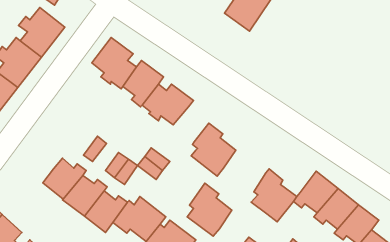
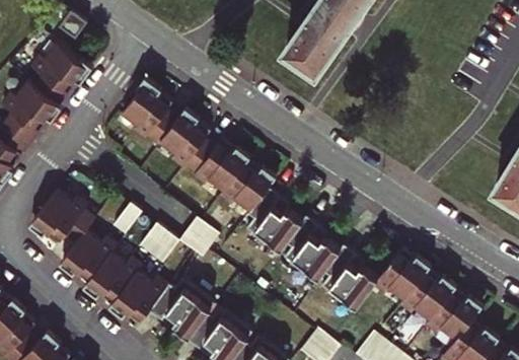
building: none -> [220,158,275,210]
building: none -> [32,189,95,243]
building: [187,183,232,236] -> [284,215,340,281]

